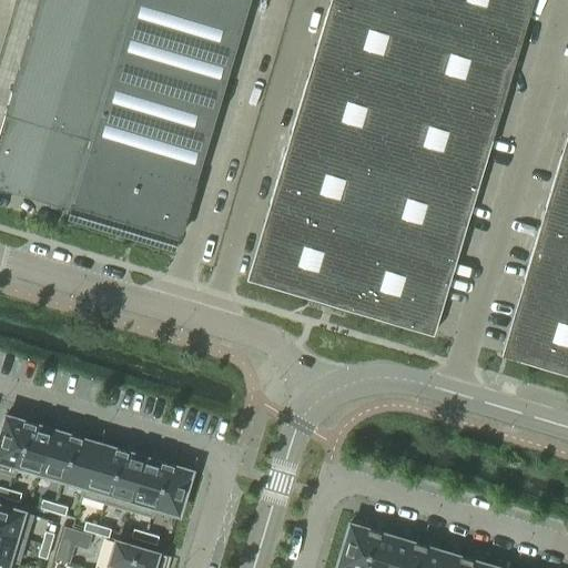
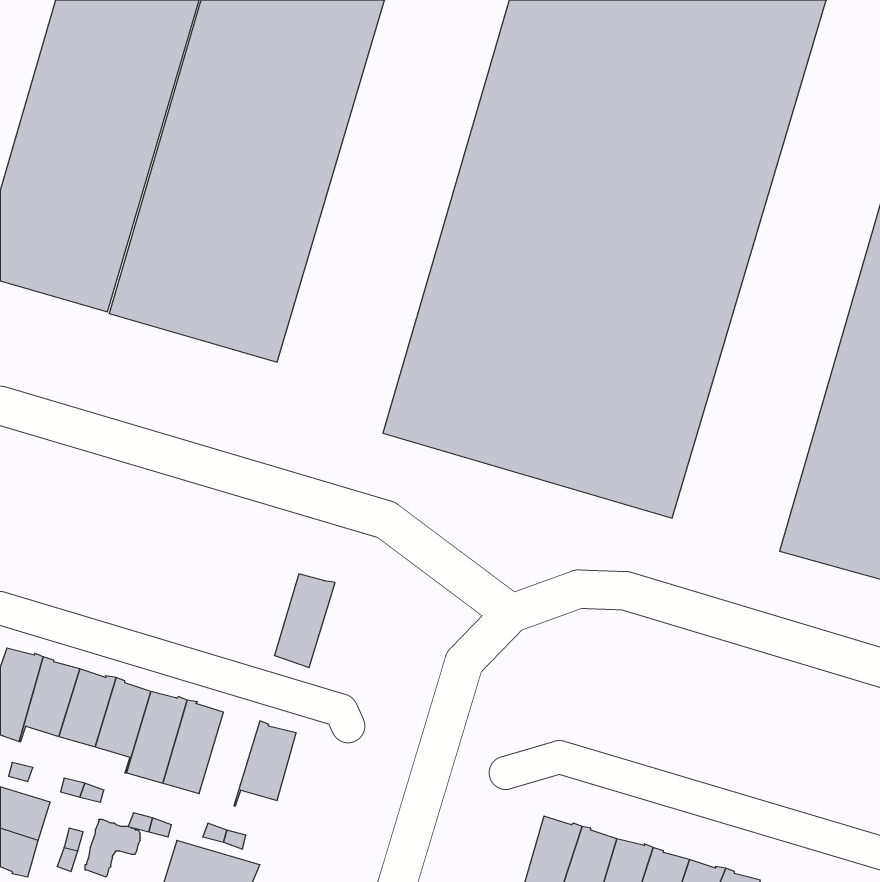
building: [131,458,170,518] -> [274,574,335,668]

